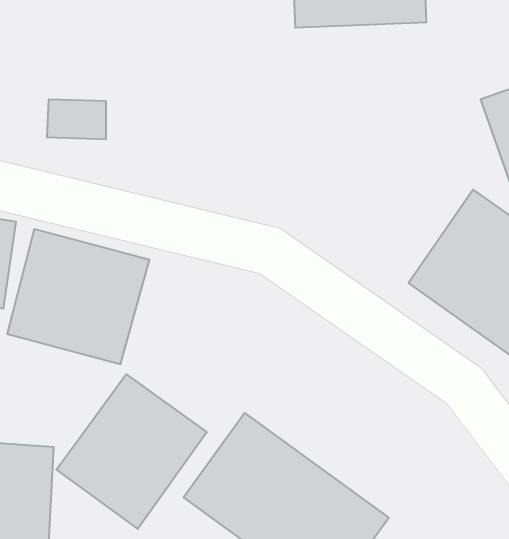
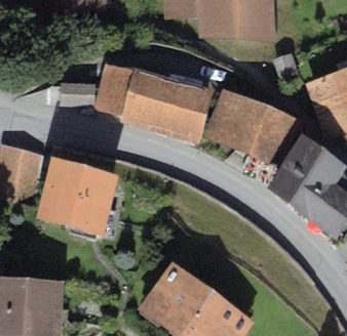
building: none -> [93,62,214,143]
building: none -> [205,90,297,165]
building: [56,374,207,529] -> none

